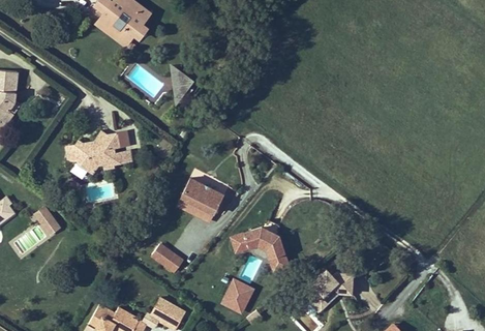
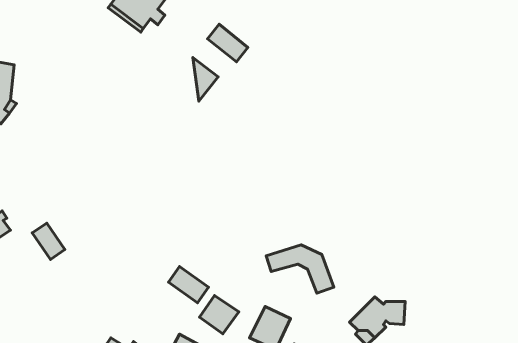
building: none -> [208,24,248,62]
building: [64,130,133,176] -> none
building: [176,178,223,223] -> none
building: none -> [199,296,239,334]

